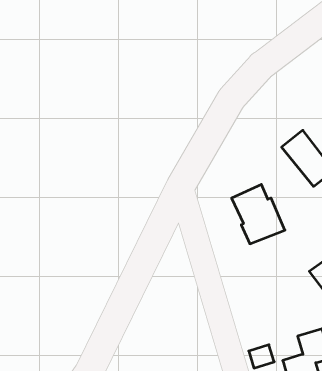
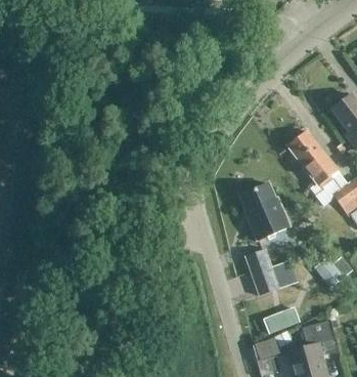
building: none -> [244,248,298,295]
building: none -> [264,306,301,334]

